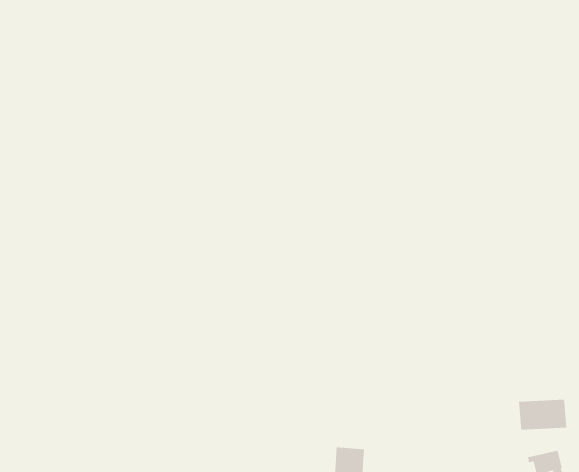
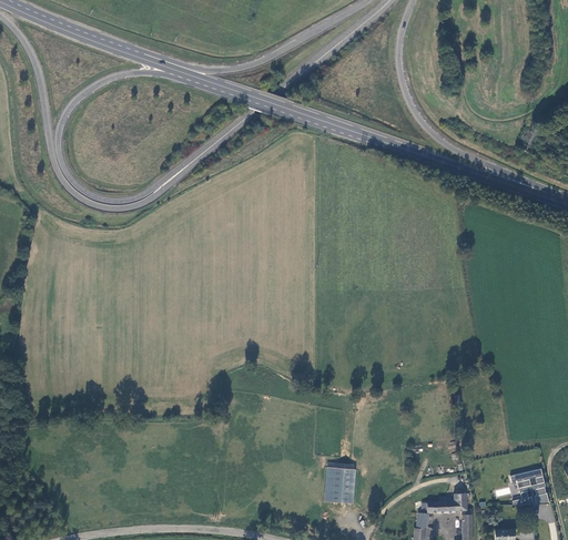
building: [519,399,567,431] -> none

